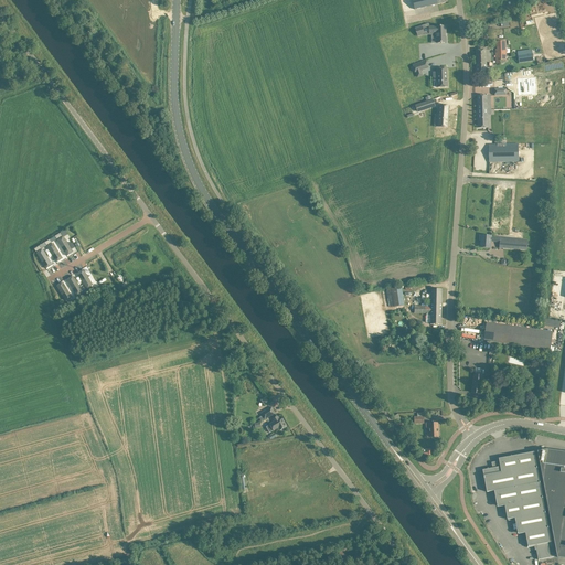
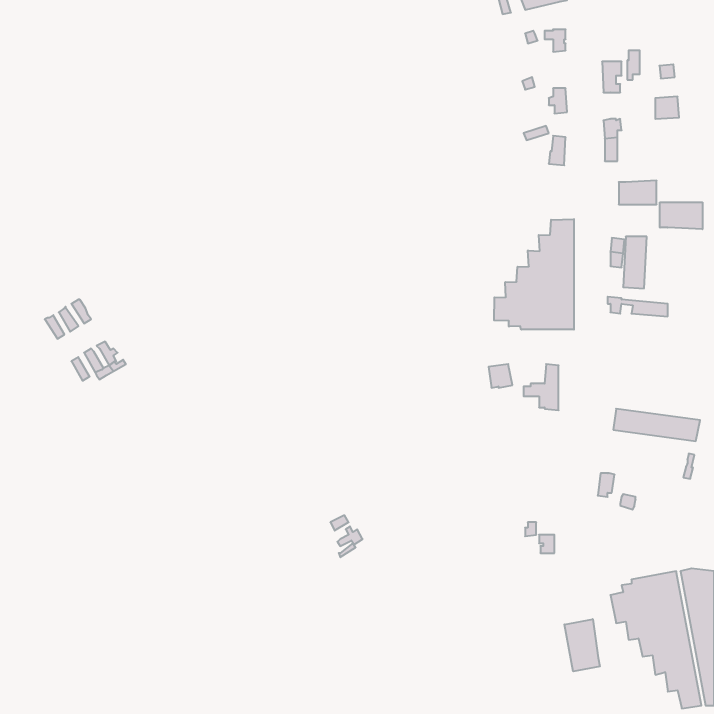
building: none -> [660,202,702,229]
building: none -> [494,219,574,330]
building: none -> [564,619,600,671]

